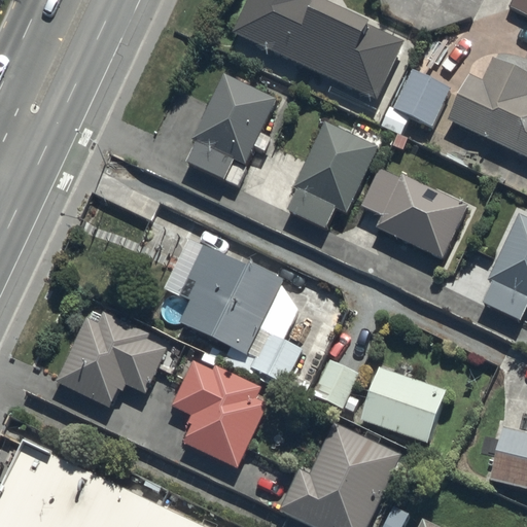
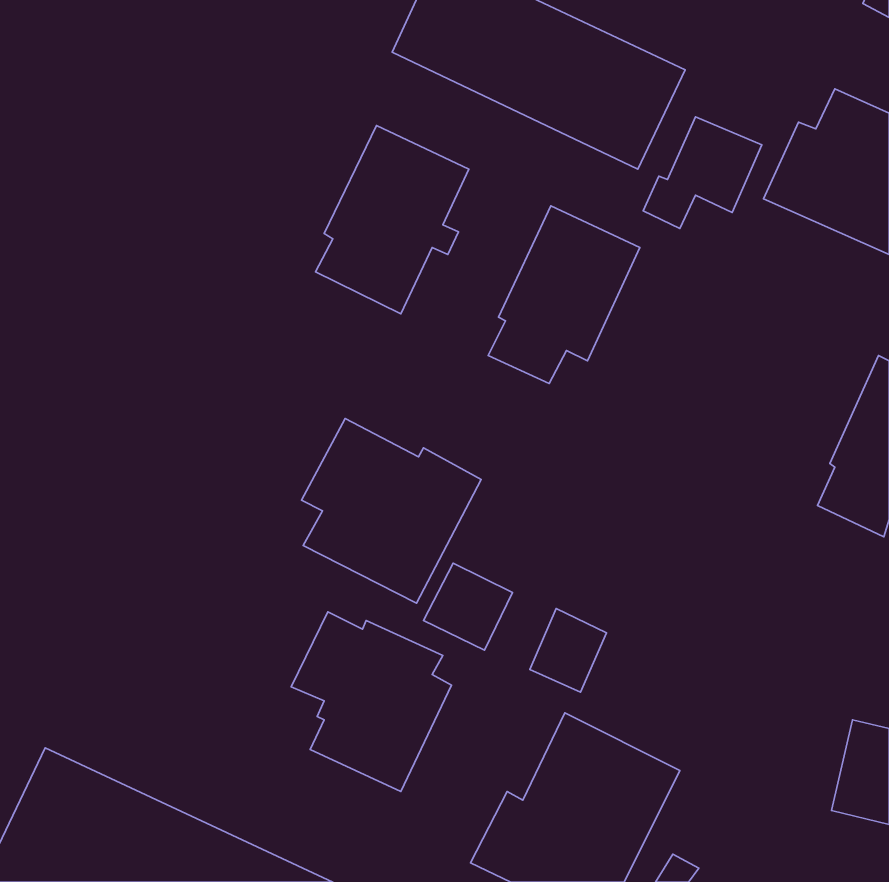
building: [361,168,467,259] -> none
building: [57,312,167,408] -> none
building: [359,365,447,444] -> none

